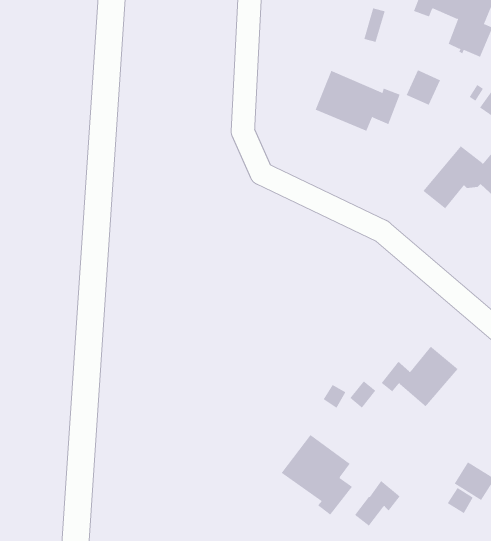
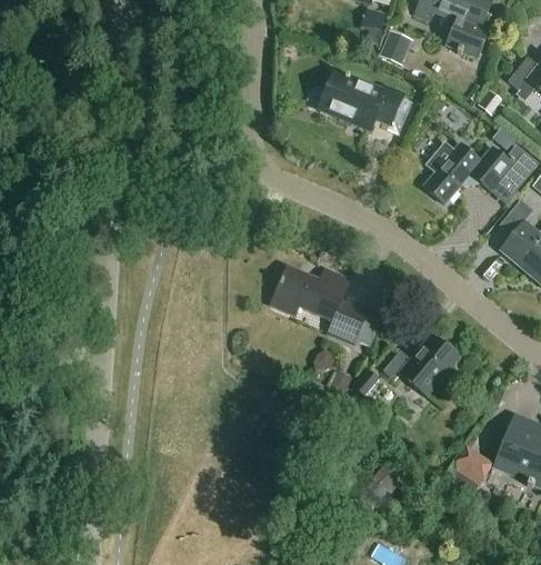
building: [406,70,441,106] -> [378,30,411,65]
building: none -> [269,265,368,346]
building: [281,434,353,515] -> none

